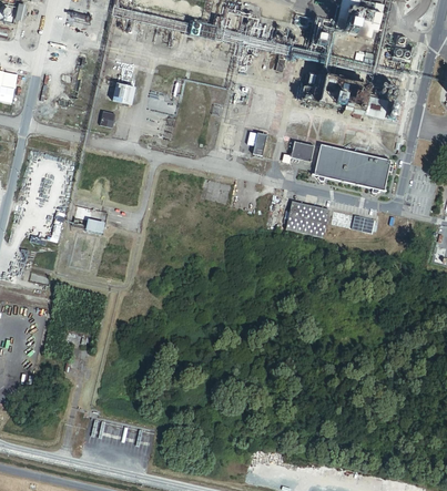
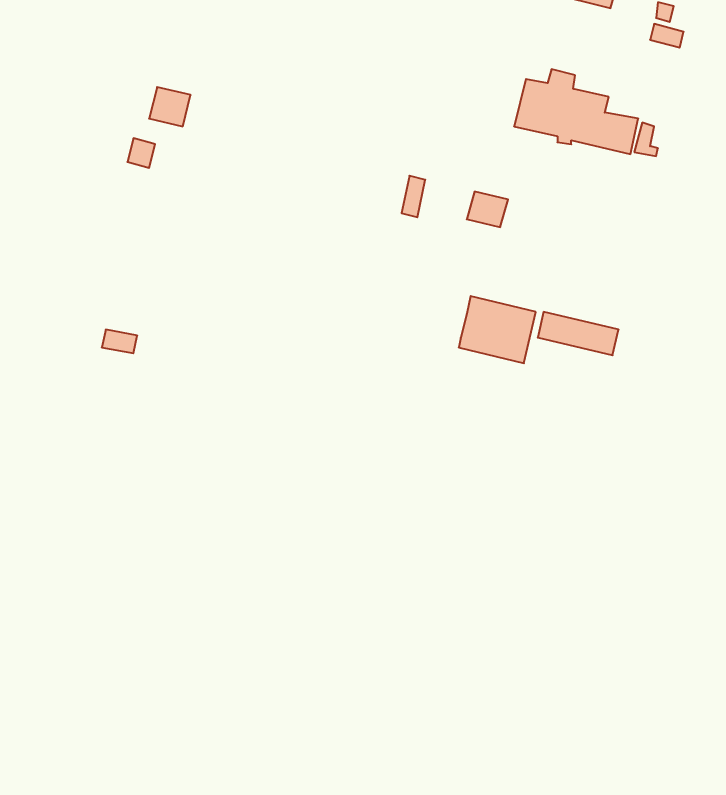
building: [313,144,389,191] -> none

